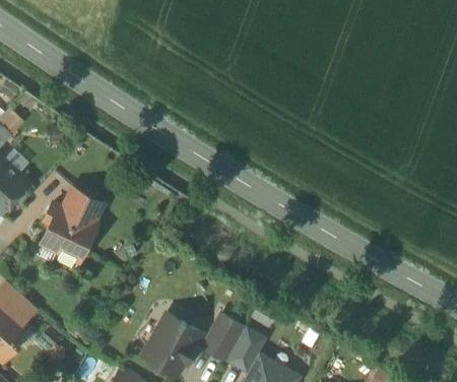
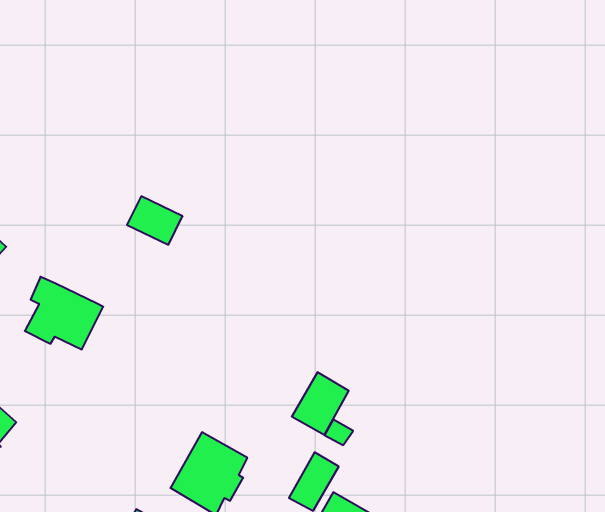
building: [63,188,103,222] -> [127,196,183,245]
building: [203,315,244,360] -> [292,372,349,435]

